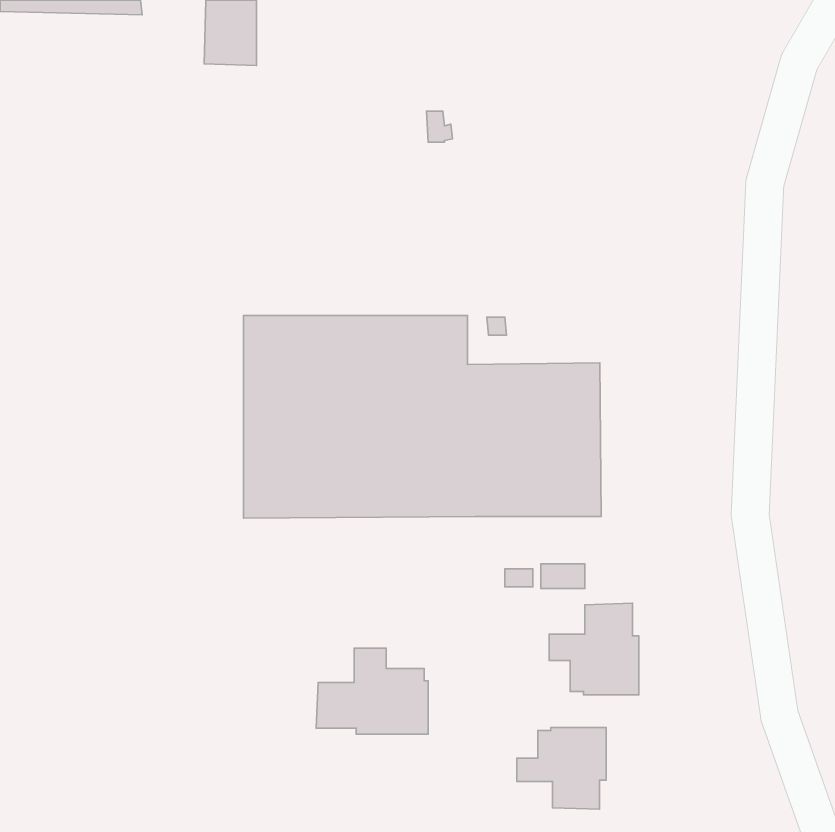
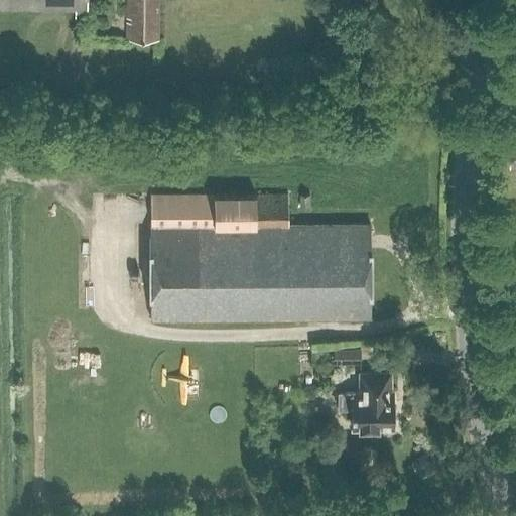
building: [316,648,428,734] -> none
building: [517,728,606,809] -> none

